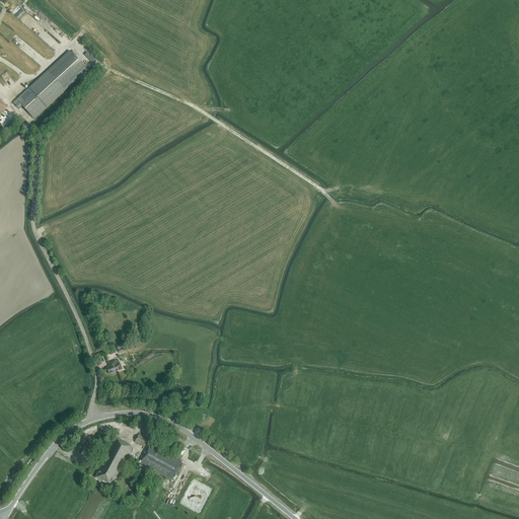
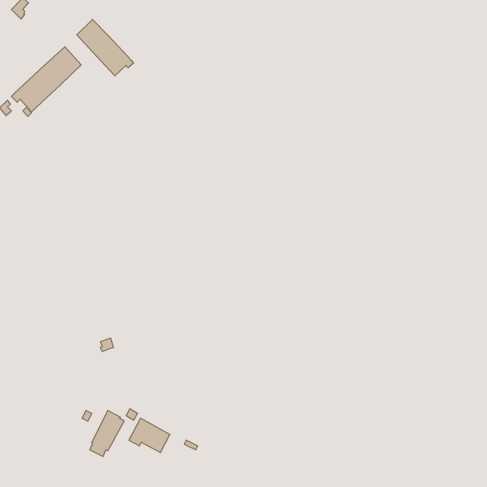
building: none -> [77,19,134,76]

